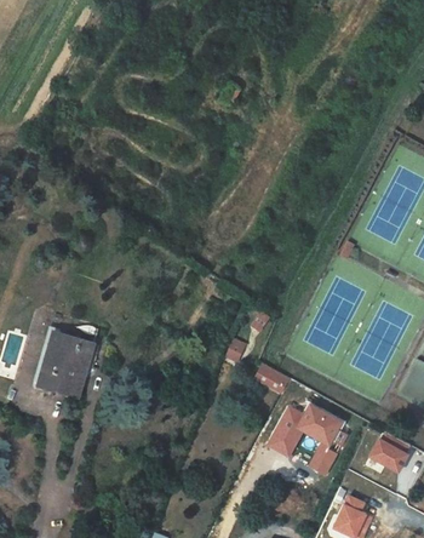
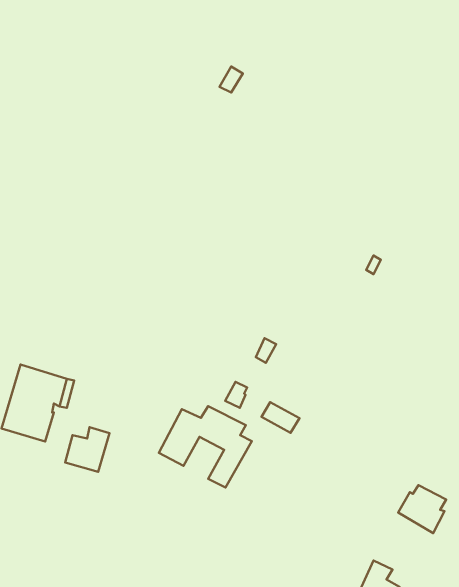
building: none -> [65,427,110,472]
building: [269,406,346,474] -> [159,406,252,488]

